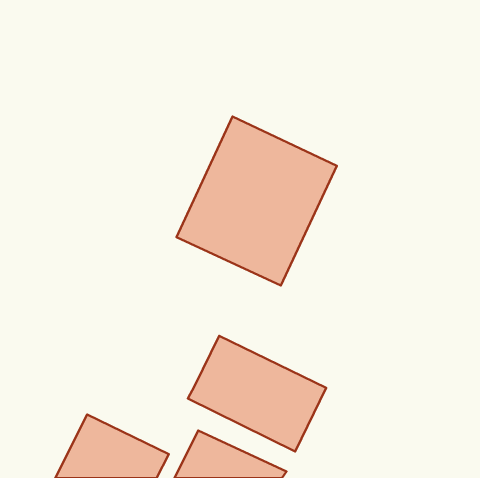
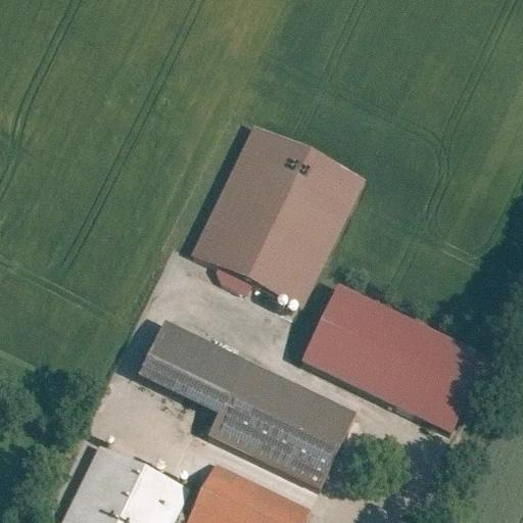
building: none -> [301,287,479,428]
building: none -> [135,322,241,416]

